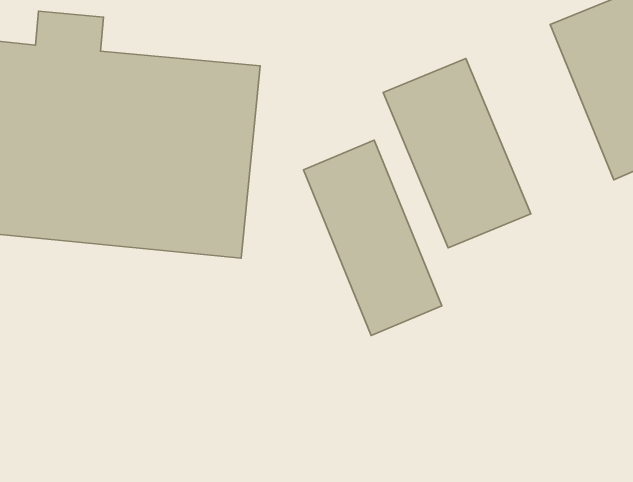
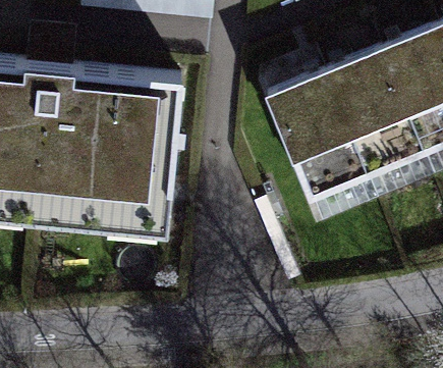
building: none -> [324,46,426,176]
building: [304,140,442,335] -> none

